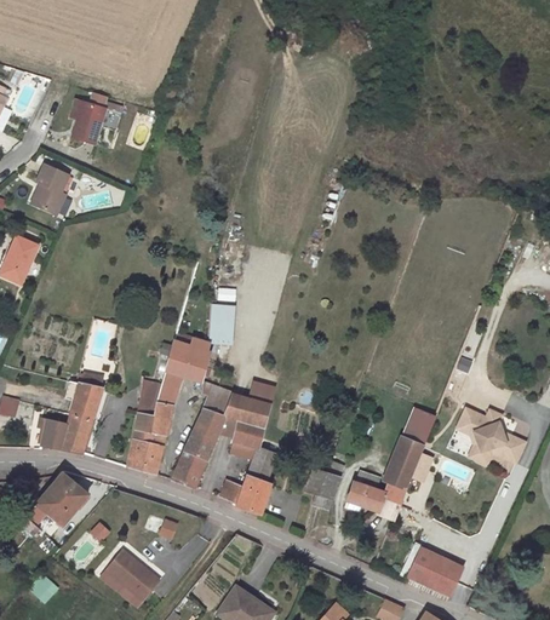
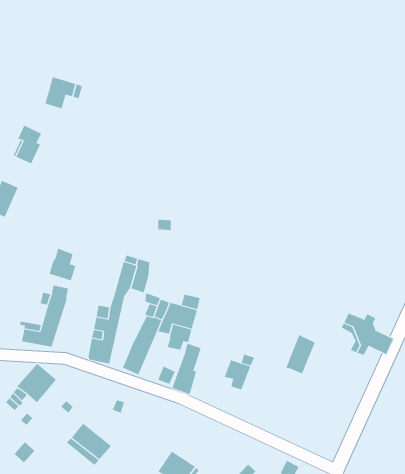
building: [208,304,234,343] -> none
building: none -> [49,248,76,281]
building: [406,409,435,446] -> none
building: [346,470,406,517] -> none
building: [405,547,462,601] -> none

